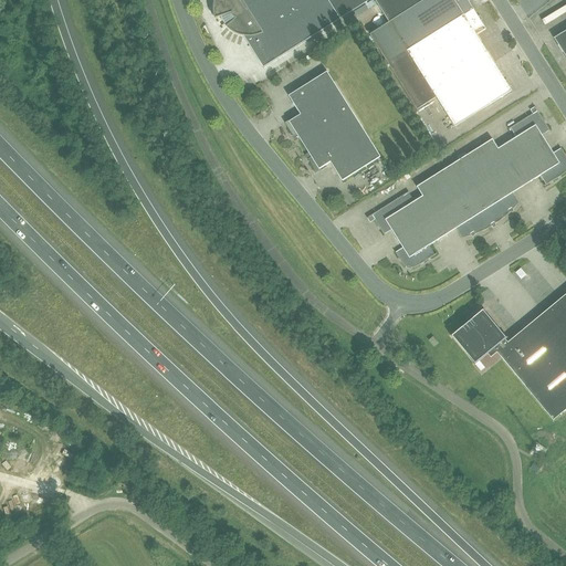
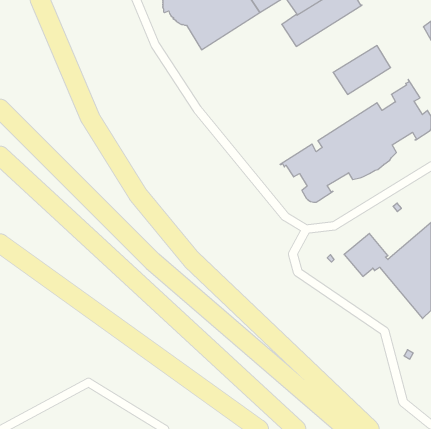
building: [388,7,494,107] -> none
building: [285,69,381,178] -> none

